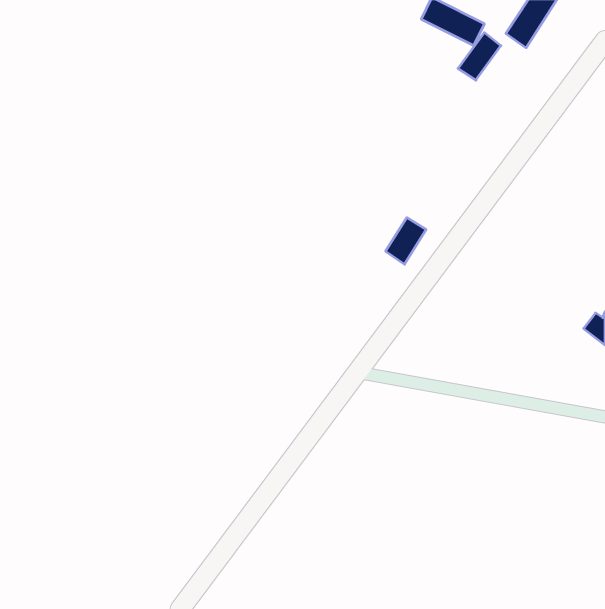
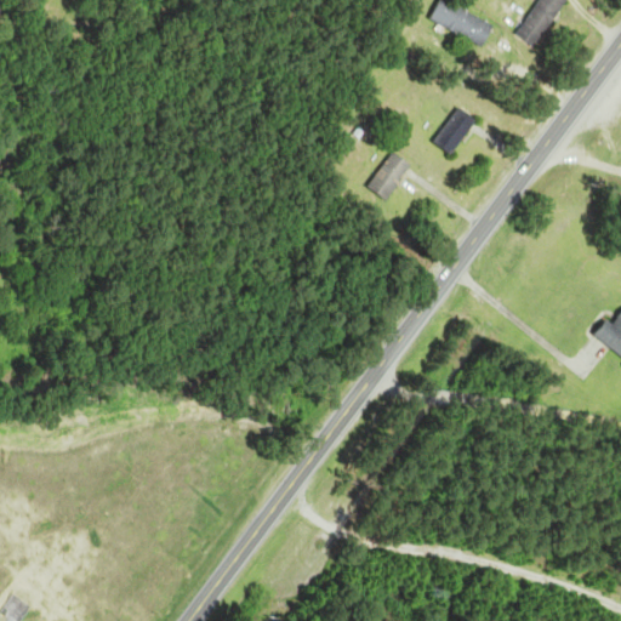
building: [458,33,501,80] -> [433,106,477,154]
building: [386,218,426,264] -> [370,152,411,199]

